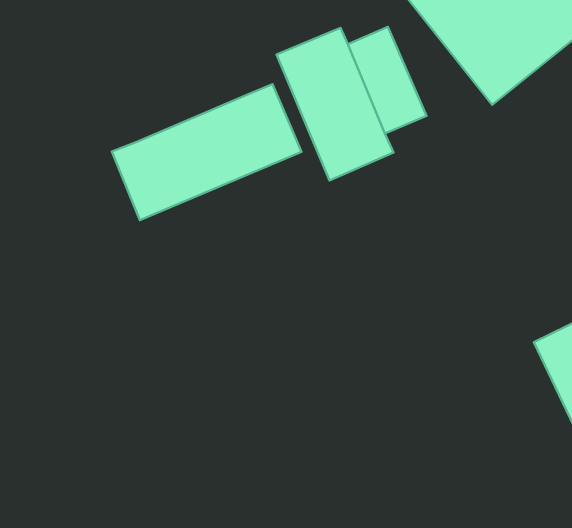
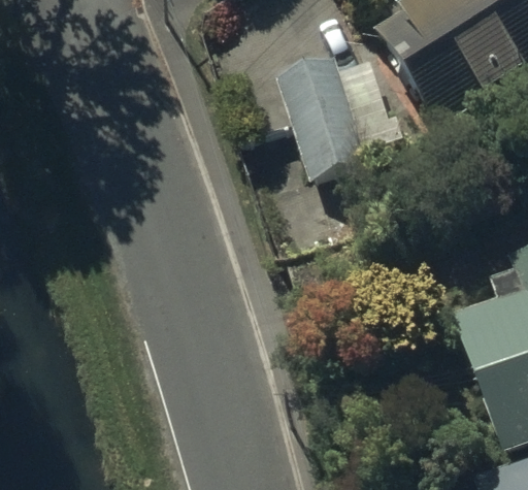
building: [112,84,302,220] -> none

